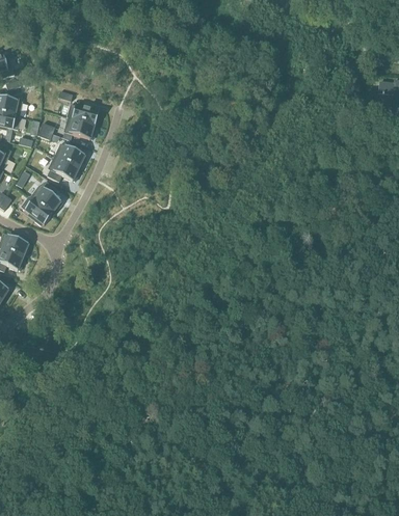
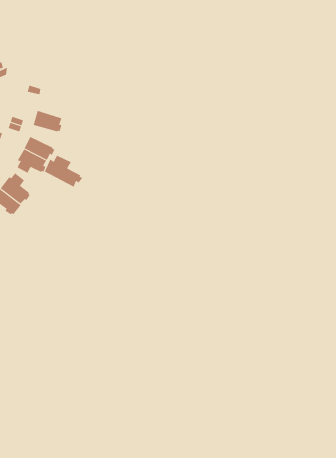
building: [66,103,99,124] -> none
building: none -> [44,155,83,187]

